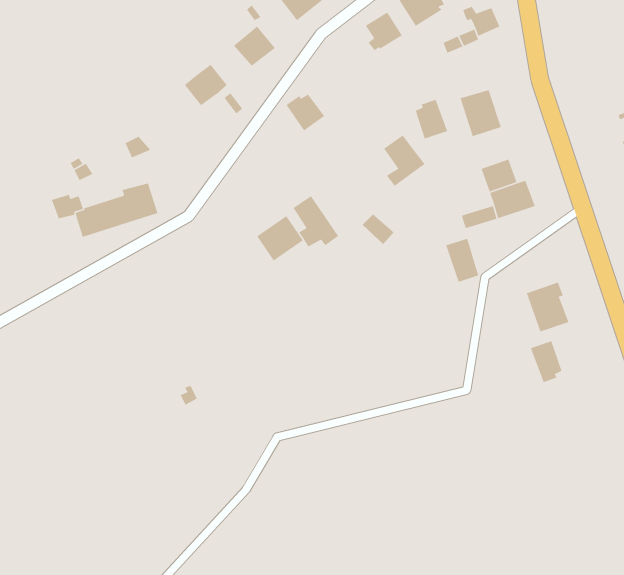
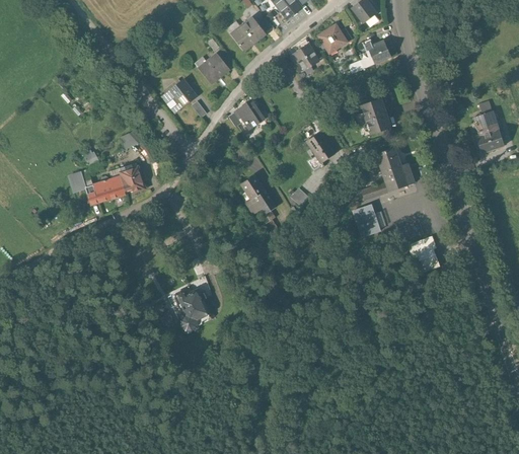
building: [415,99,448,139] -> none
building: [256,215,304,262] -> none
building: [530,340,563,383] -> none
building: none -> [174,289,209,332]

